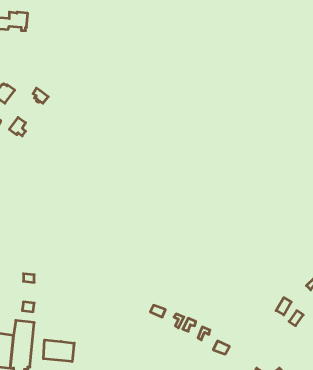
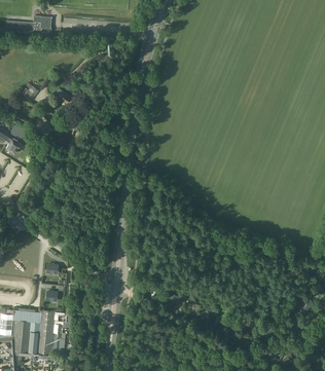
building: [43,340,74,362] -> none

